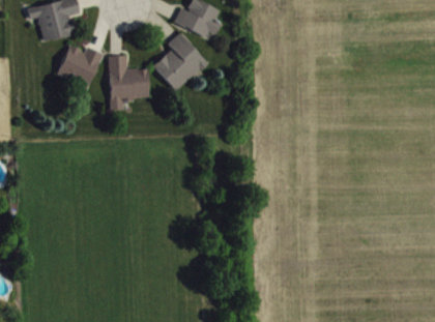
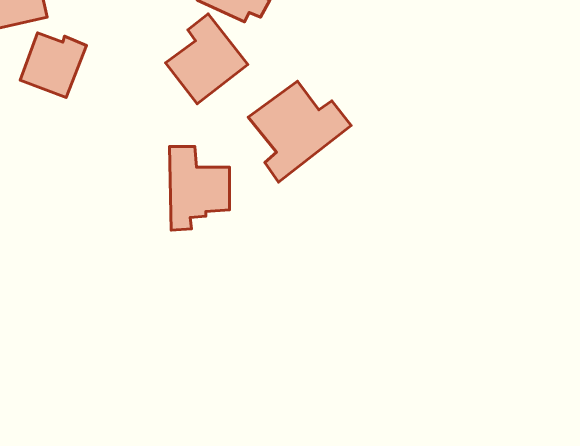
building: [110,56,149,111] -> [170,147,230,230]
building: none -> [248,81,351,182]

